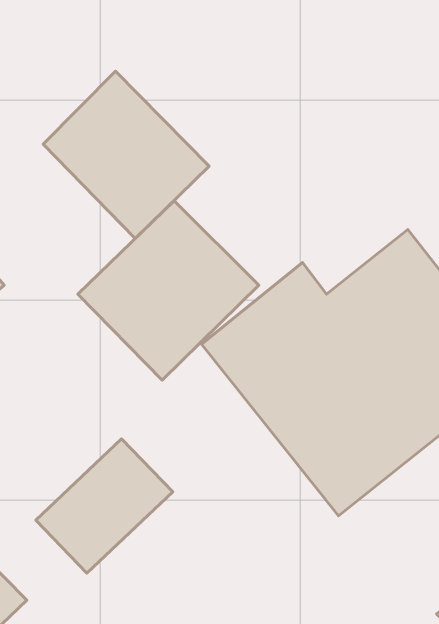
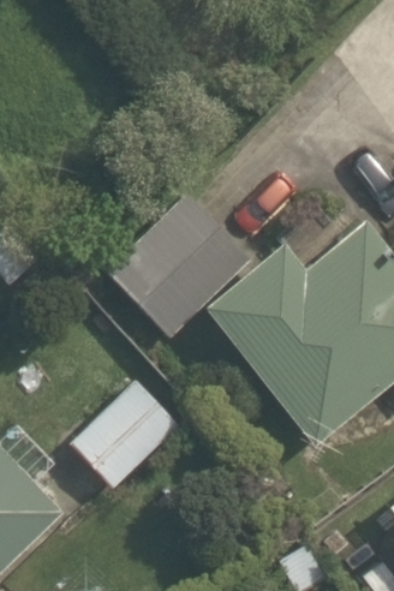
building: [43,71,209,239] -> none

